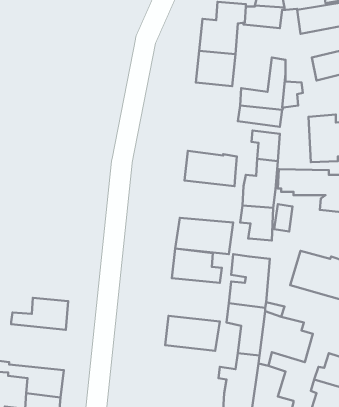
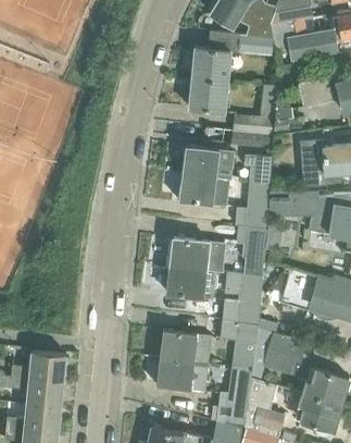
building: none -> [181,146,233,180]
building: [11,298,68,330] -> [11,354,65,384]
building: none -> [156,360,208,394]

